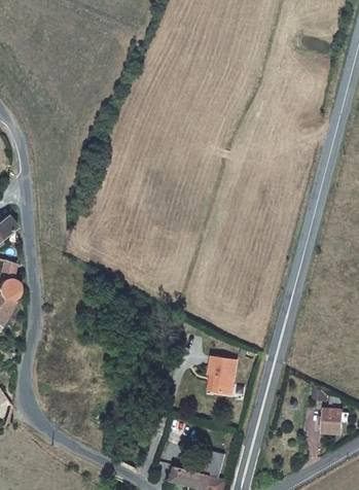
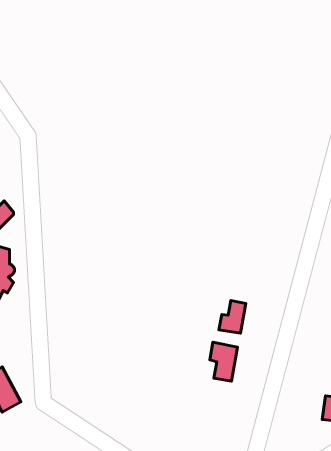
building: none -> [219,301,246,333]

